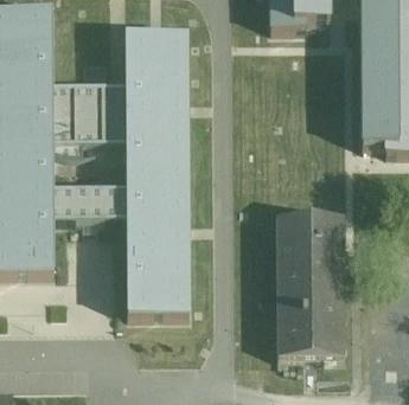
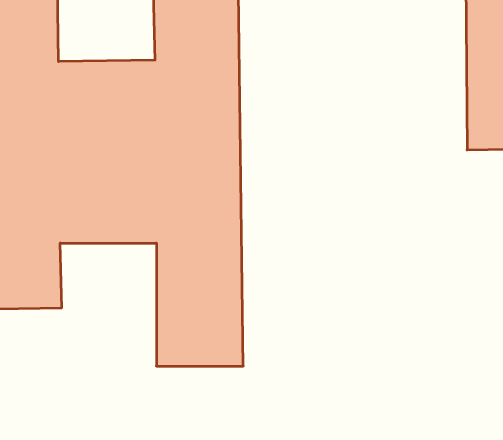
building: [275,210,344,351] -> none

